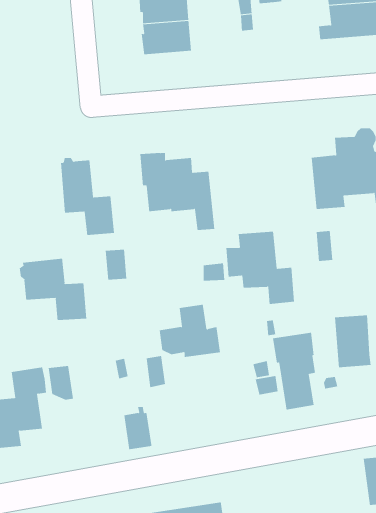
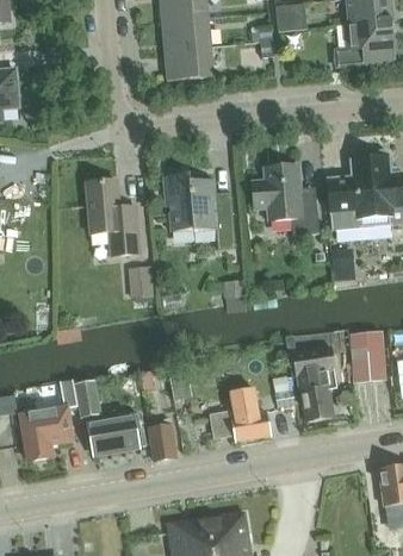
building: [225,231,295,304] -> [252,164,318,235]
building: [19,258,87,321] -> none
building: [159,304,221,357] -> [210,388,269,439]
building: none -> [87,413,145,455]

